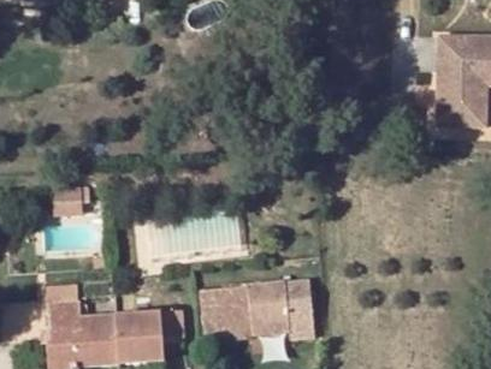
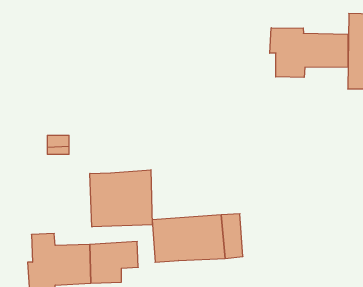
building: none -> [270,28,348,77]
building: none -> [90,170,152,227]

